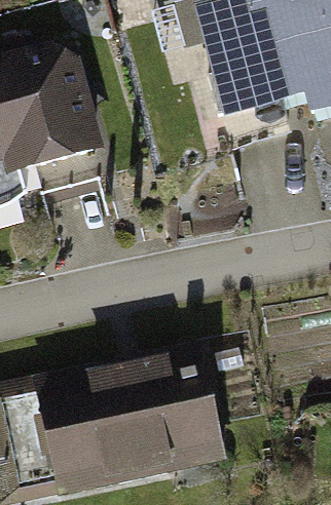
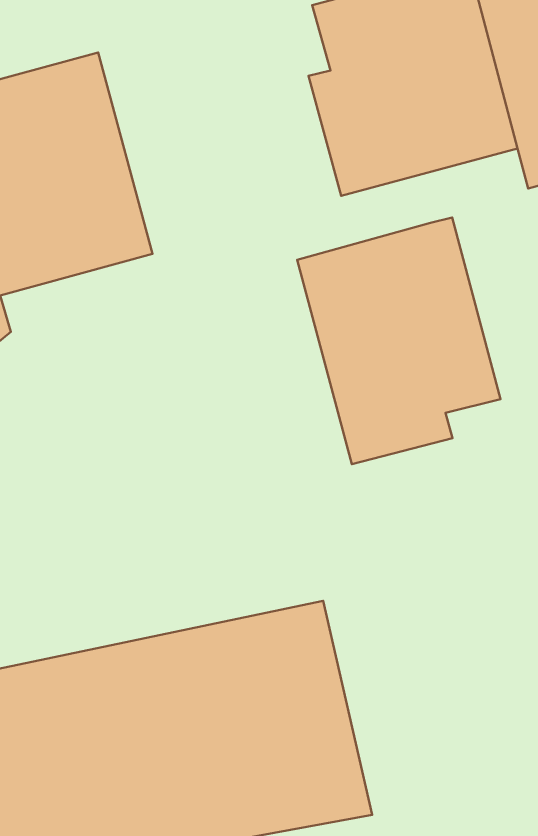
building: none -> [297,218,501,464]

